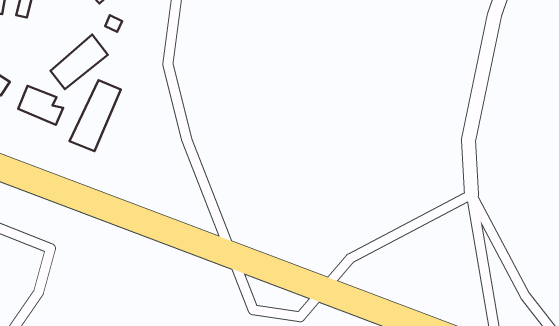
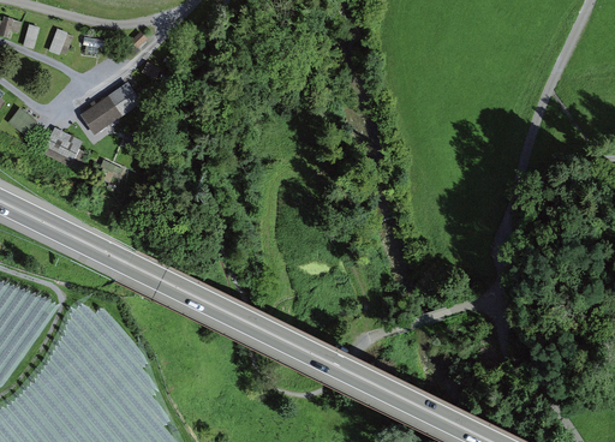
building: [69,80,121,151] -> none

